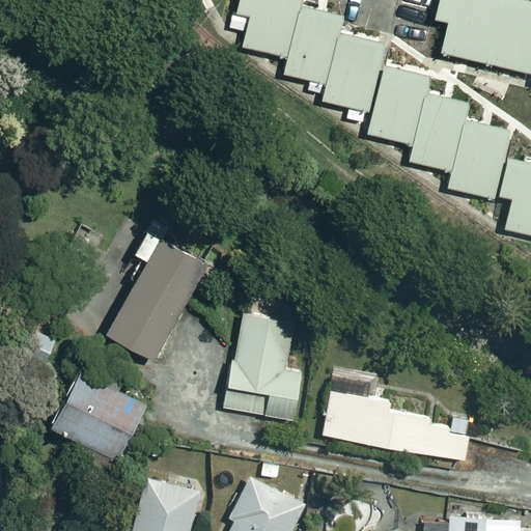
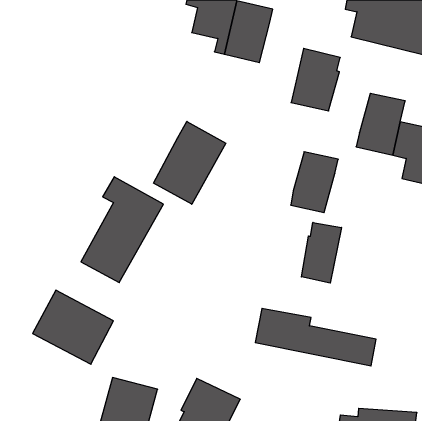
building: [324,35,384,112] -> none
building: [411,95,470,171] -> [291,152,338,213]
building: none -> [154,121,226,204]
building: none -> [301,222,341,283]
building: [224,311,306,421] -> none

